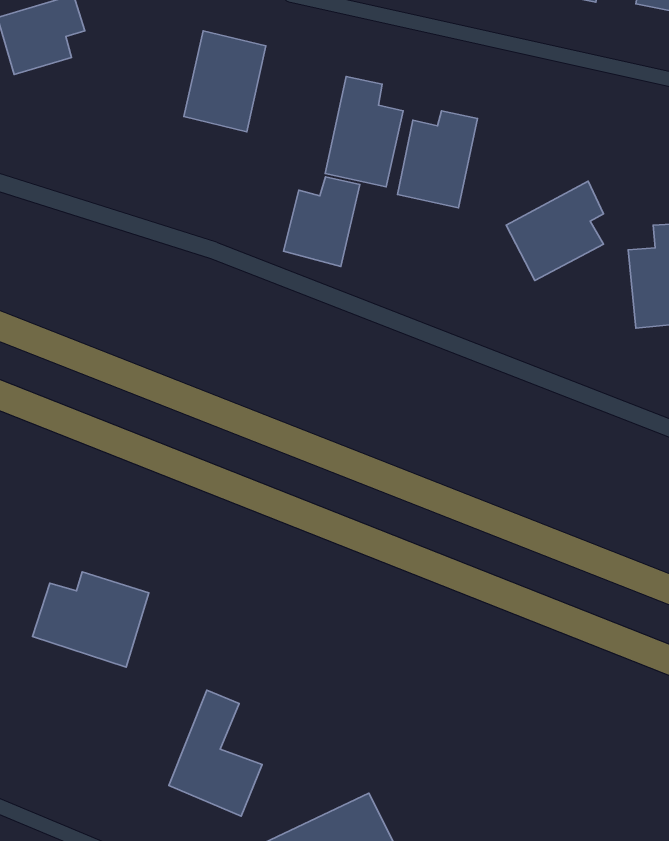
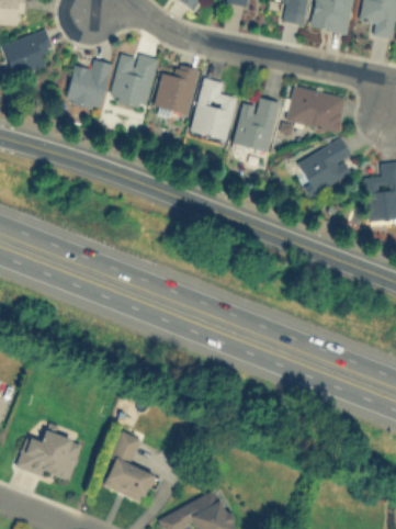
building: none -> [67,58,111,110]
building: none -> [287,86,346,132]
building: [284,177,360,266] -> [154,64,197,115]
building: [33,572,149,667] -> [16,429,83,484]

